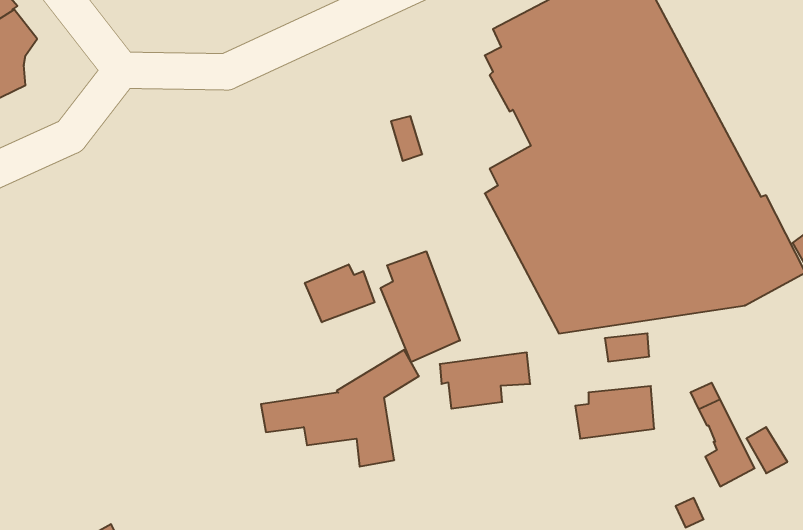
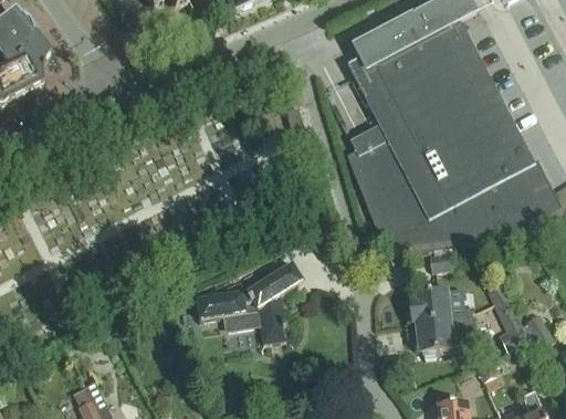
building: [381,251,460,362] -> none
building: [305,264,375,322] -> none
building: [440,353,530,409] -> [411,313,472,350]

